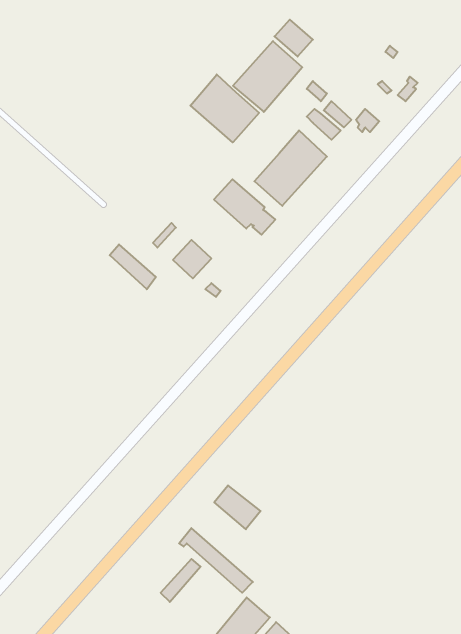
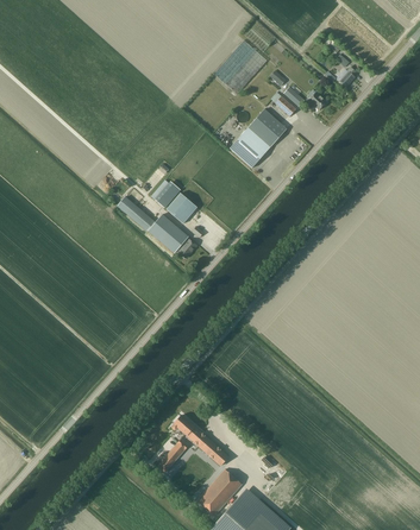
building: [190,74,259,142] -> none
building: [214,179,275,235] -> [149,215,196,258]
building: [214,485,261,529] -> none

